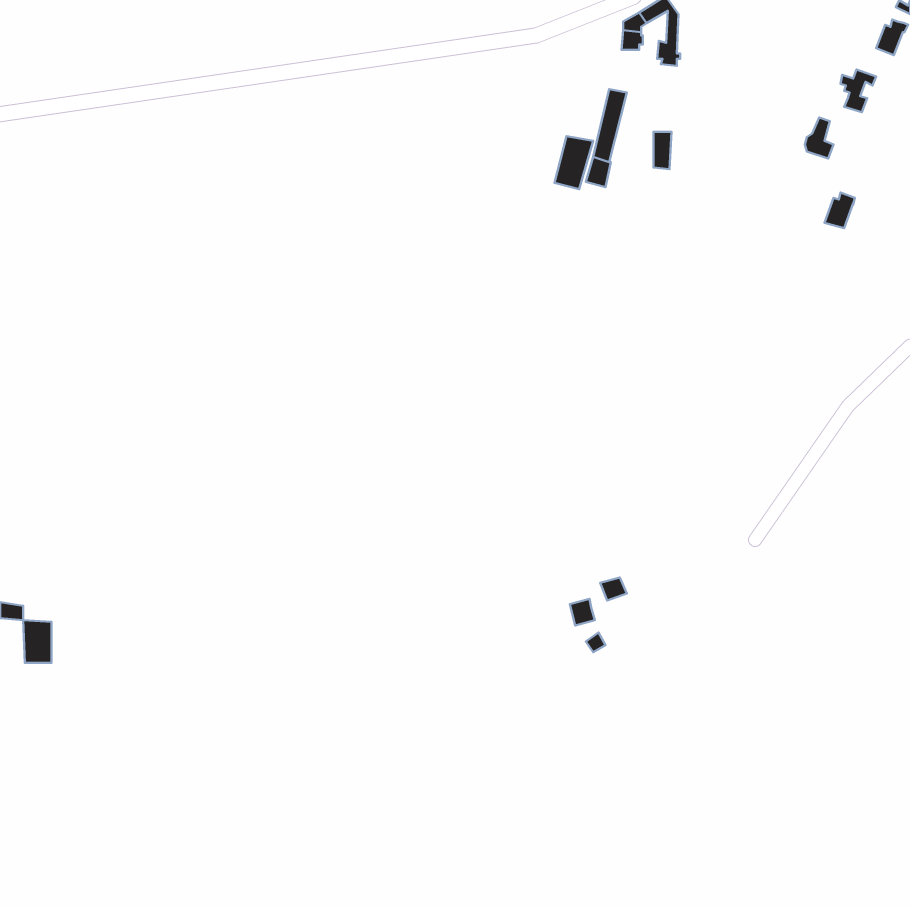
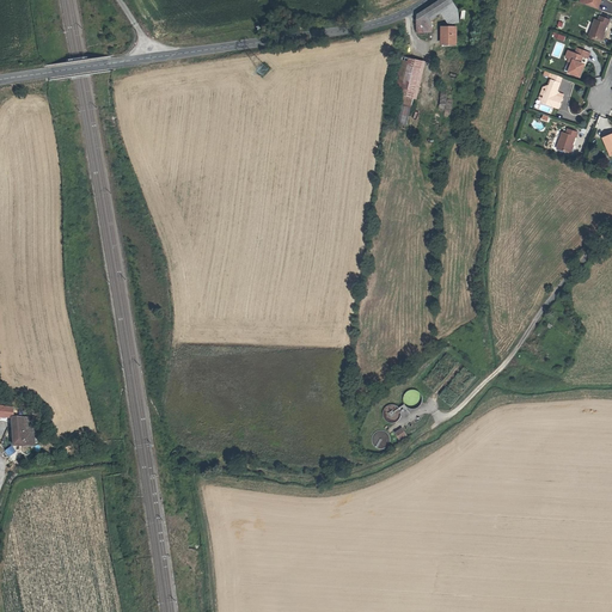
building: [554,136,593,189] -> none

